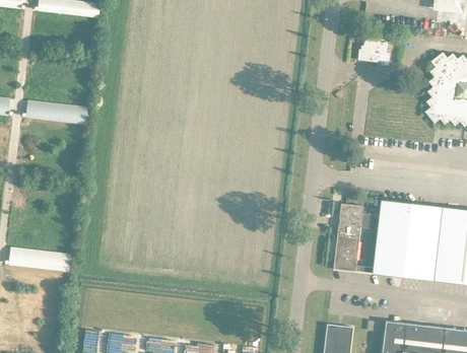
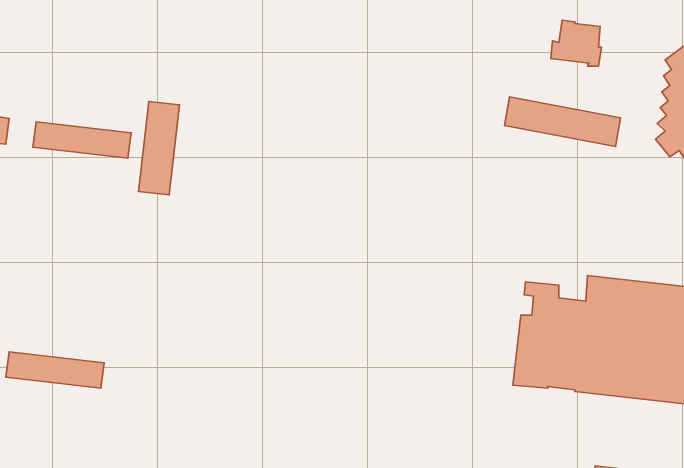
building: none -> [505,97,620,146]
building: none -> [138,101,180,195]

